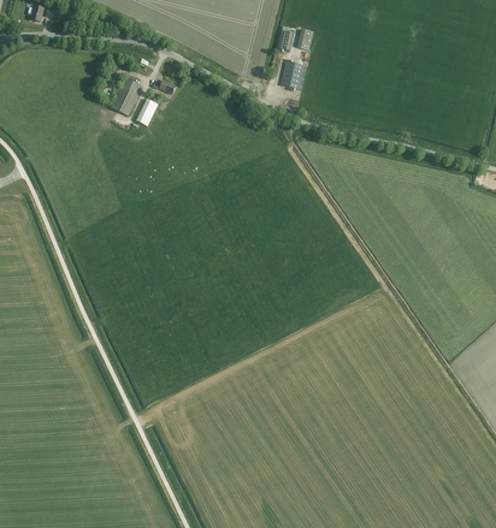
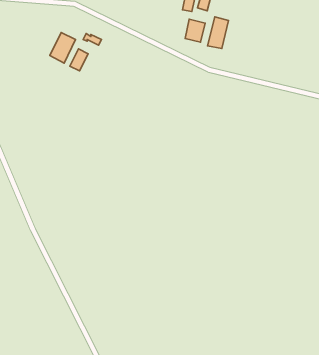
building: none -> [208,17,228,49]

